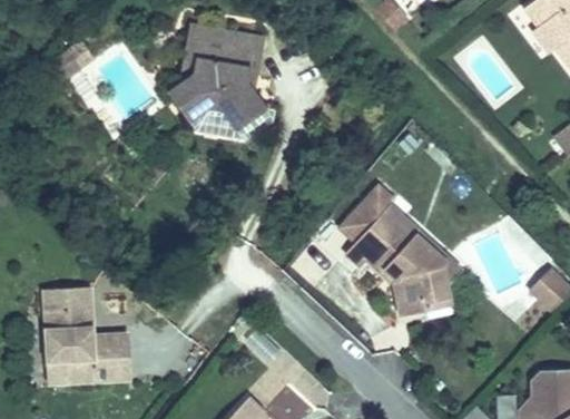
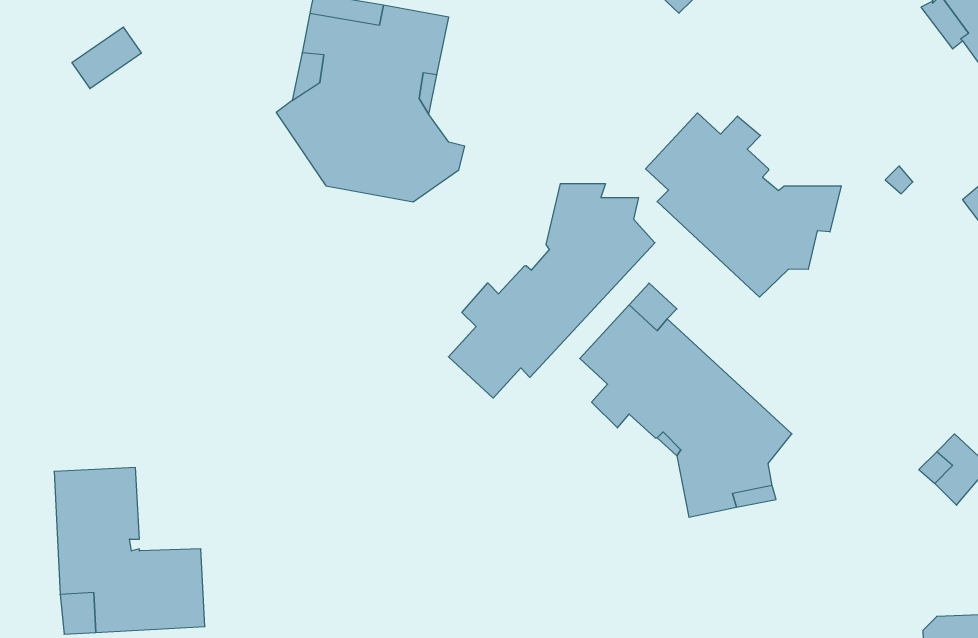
building: none -> [646,113,841,297]
building: none -> [448,184,655,398]

